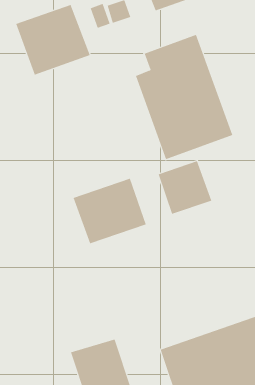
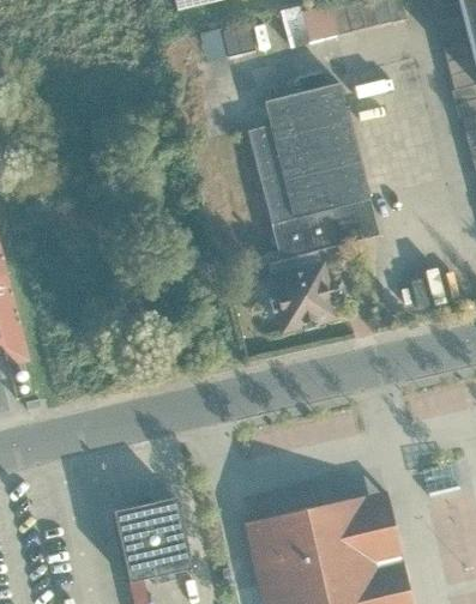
building: [15,4,90,76] -> none
building: [73,178,147,244] -> none

